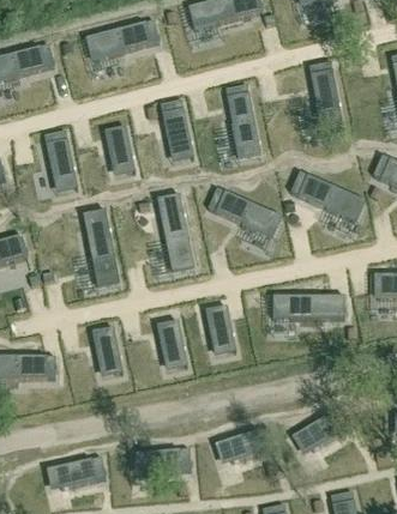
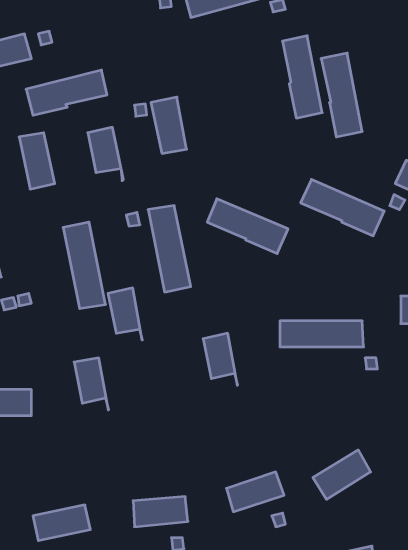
building: [89,22,160,61] -> [26,70,107,115]
building: [225,85,260,157] -> [282,36,322,118]
building: [157,321,187,367] -> [108,288,142,340]

